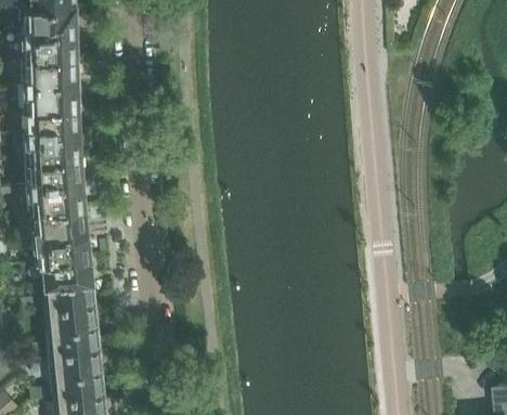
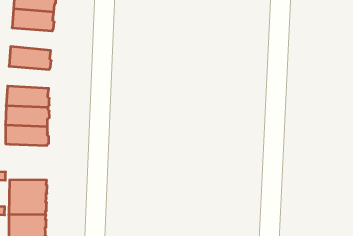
building: [25,103,80,130] -> none
building: [27,154,83,182] -> none
building: [40,254,94,304] -> none

